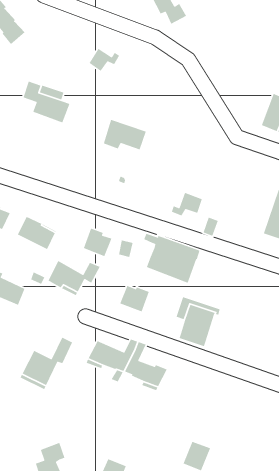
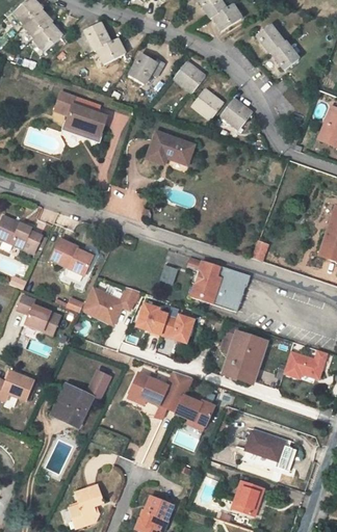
building: none -> [78,21,123,68]
building: none -> [258,31,290,71]
building: none -> [175,63,203,92]
building: none -> [192,91,221,121]
building: none -> [221,102,250,131]
building: [171,192,203,217] -> none
building: [83,228,113,257] -> [137,301,170,334]
building: none -> [282,352,327,381]
building: none -> [248,429,296,469]

